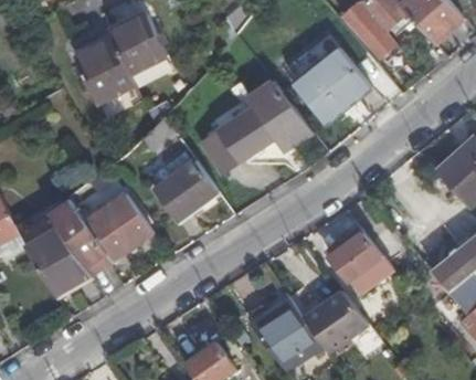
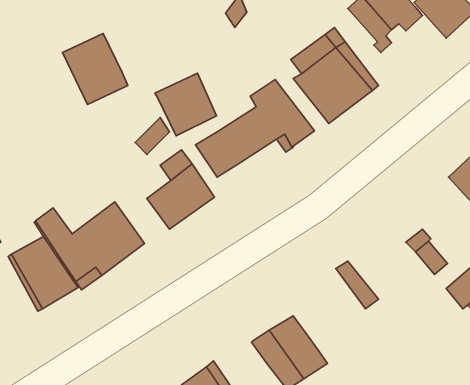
building: [112,15,169,74] -> [155,73,216,136]
building: [341,232,393,285] -> none
building: [304,291,369,353] -> none

